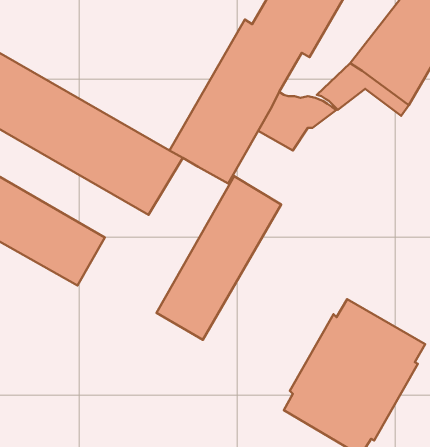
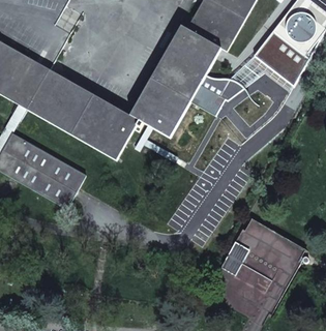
building: [156,176,281,340] -> none

